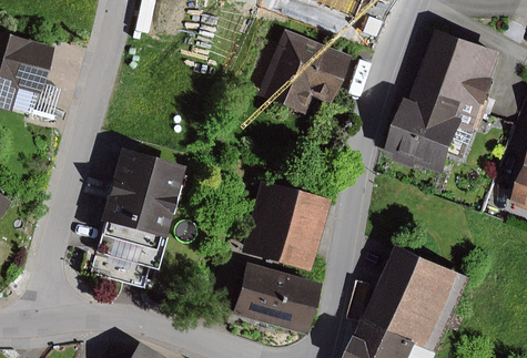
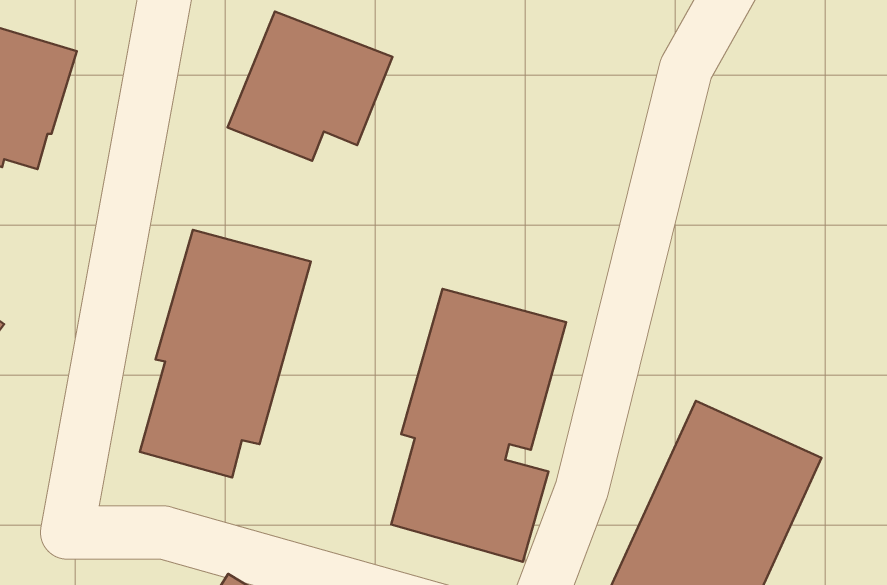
building: [256,29,349,113] -> [228,12,393,161]
building: [389,29,505,174] -> none

